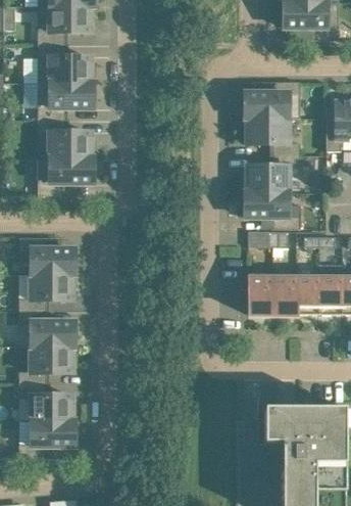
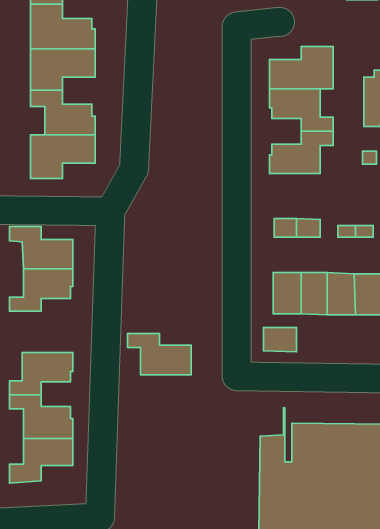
building: [244,190,299,227] -> none
building: [18,310,73,346] -> [128,333,191,375]
building: none -> [263,327,296,352]

